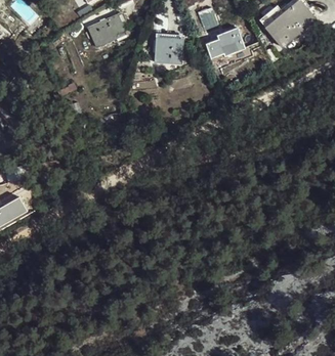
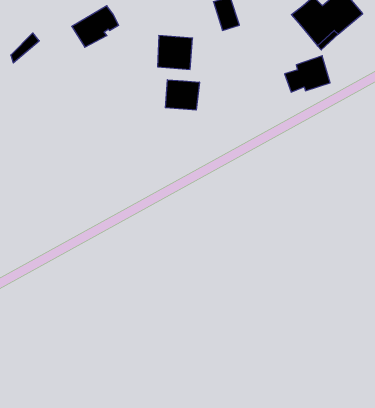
building: [208,29,244,57] -> [285,56,330,92]
building: none -> [165,80,199,110]

